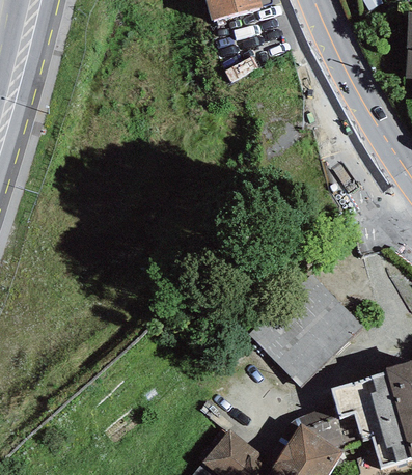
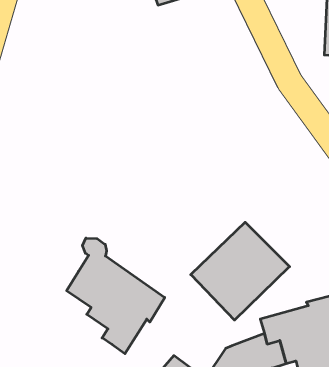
building: none -> [67,238,165,354]

